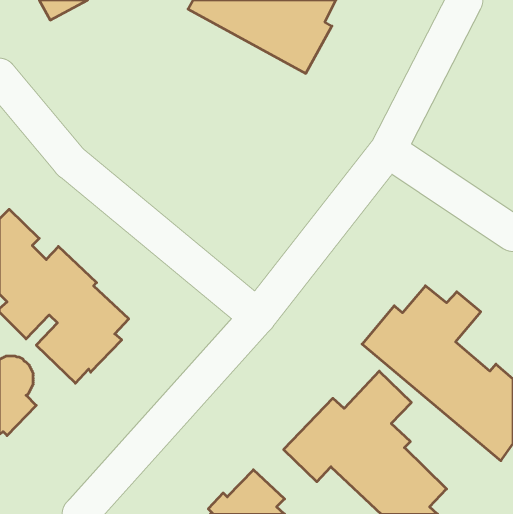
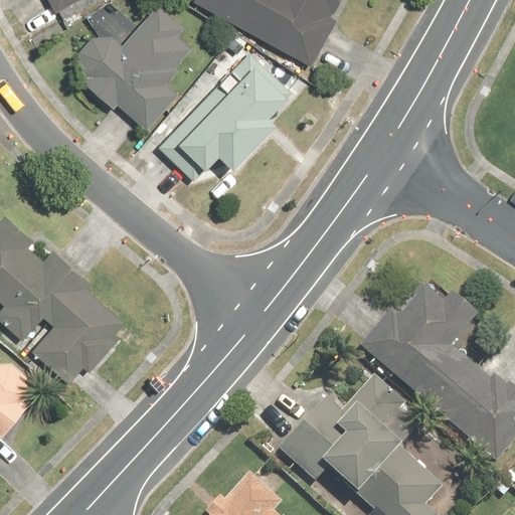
building: none -> [68,9,186,136]
building: none -> [153,53,284,183]

